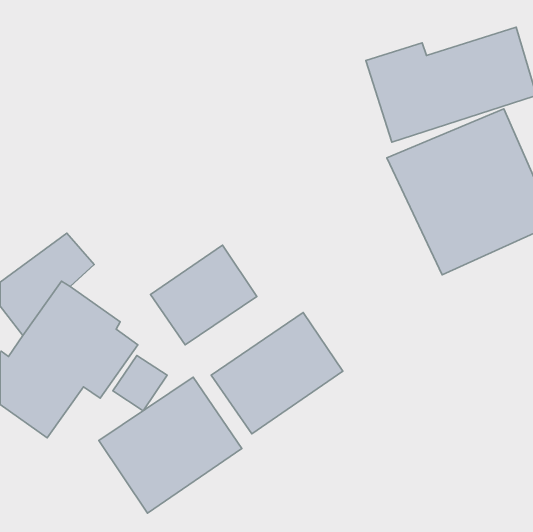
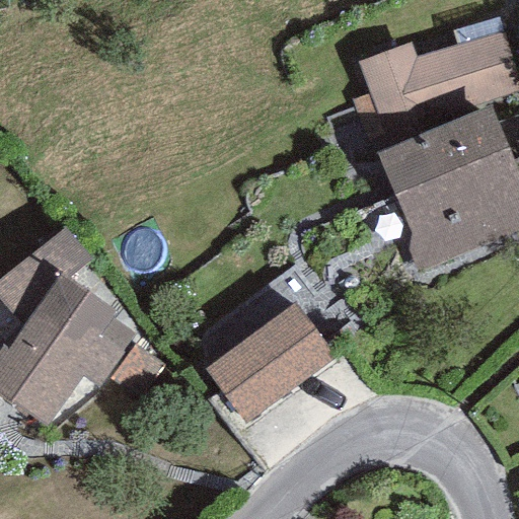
building: [151,245,257,345] -> none
building: [99,377,242,513] -> none

